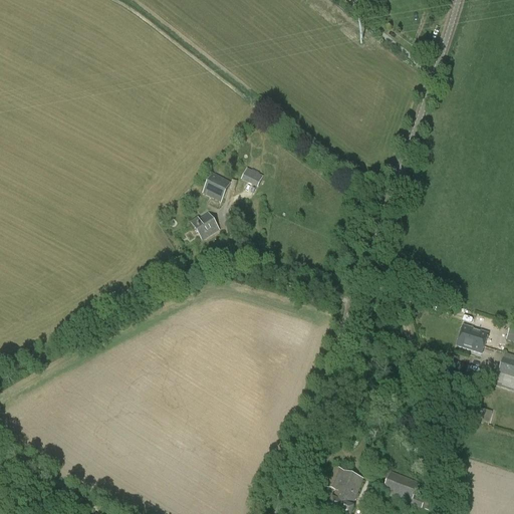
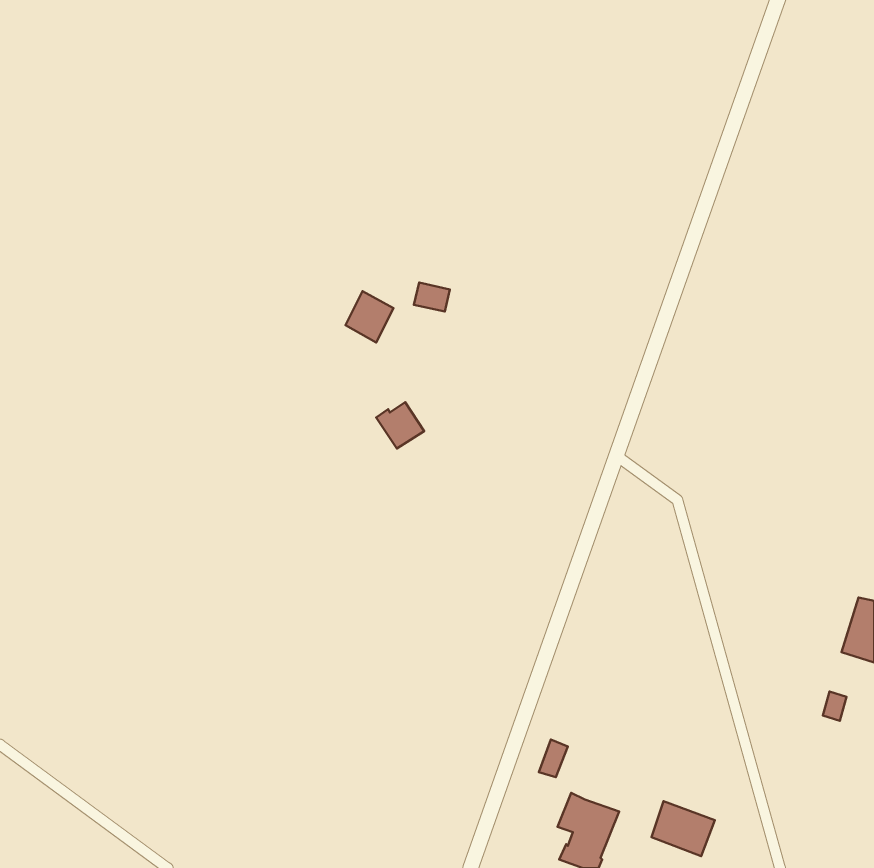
building: [191,211,219,238] -> [376,402,424,448]
building: [457,323,488,351] -> none

